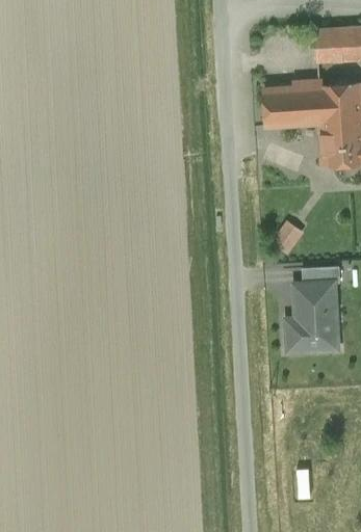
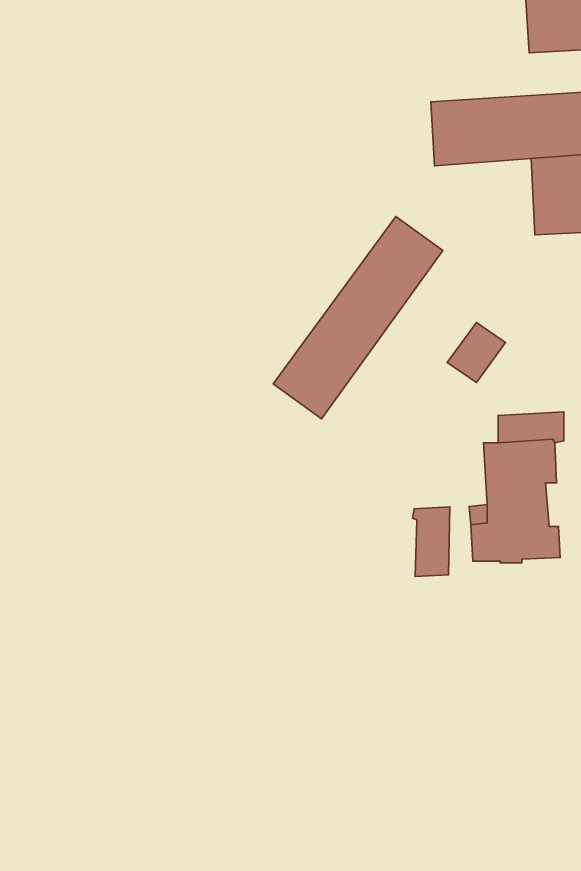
building: none -> [273,217,443,419]
building: none -> [412,507,450,576]

